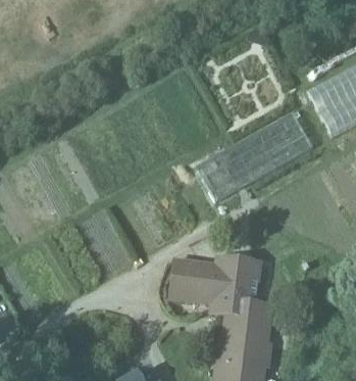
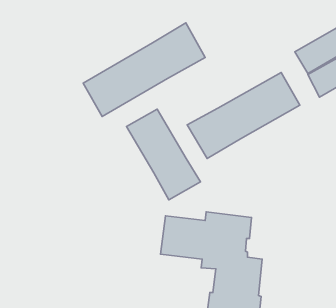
building: none -> [83,23,205,116]
building: none -> [127,109,200,200]

